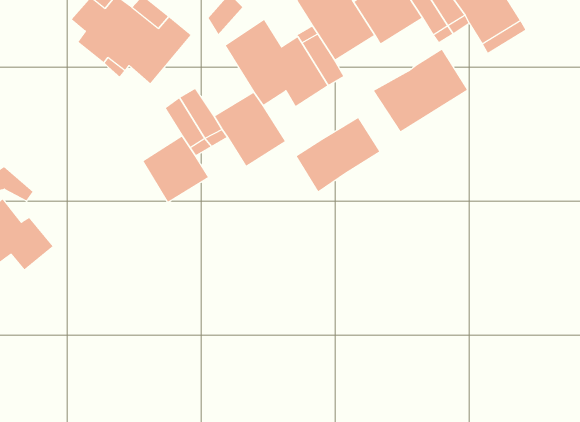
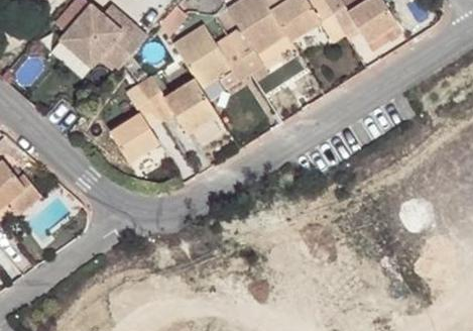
building: [373,49,468,132] -> none
building: [296,117,380,192] -> none

